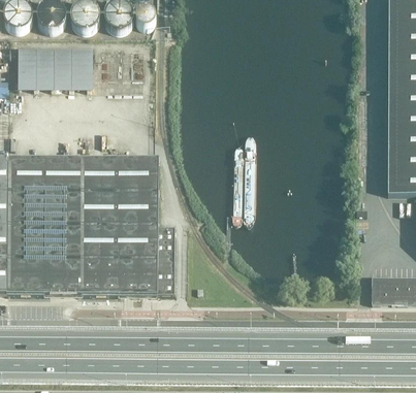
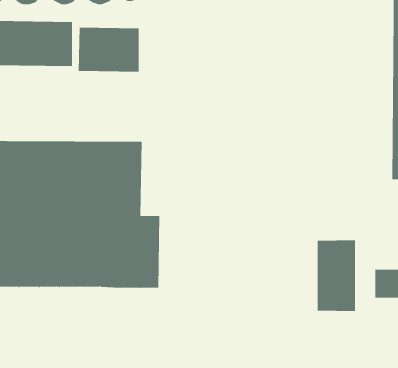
building: none -> [78,27,139,72]
building: none -> [317,240,356,312]

